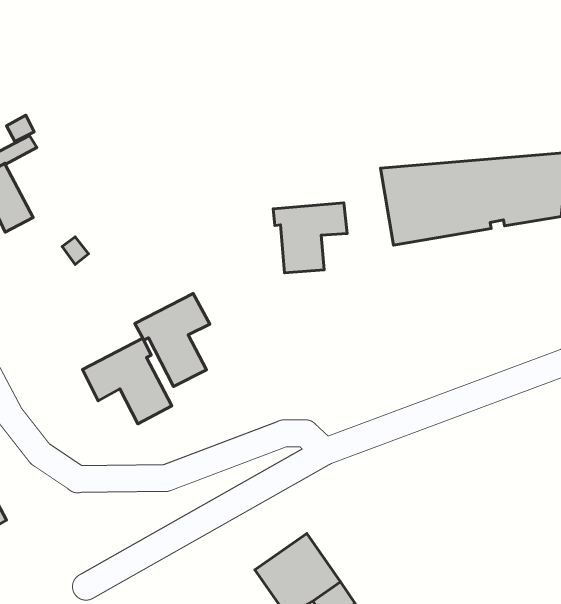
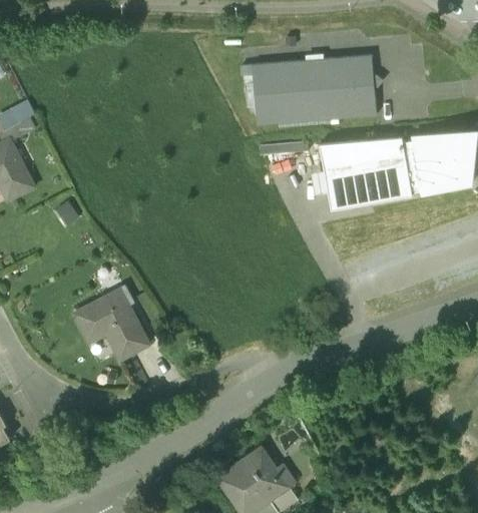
building: none -> [243,54,382,125]
building: [273,203,347,273] -> none
building: [135,293,210,386] -> none

